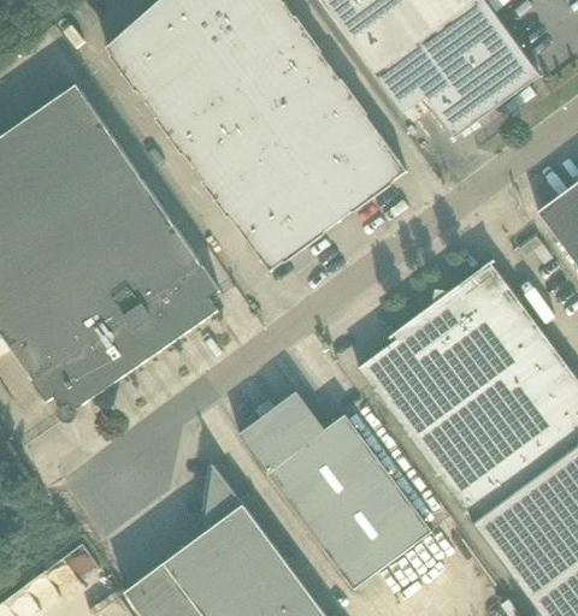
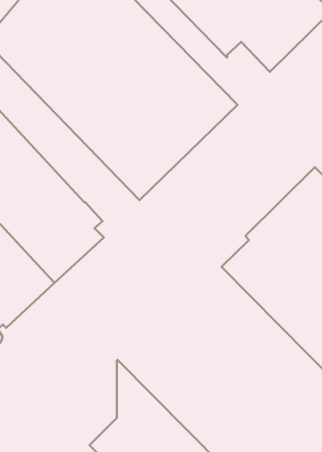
building: [240,391,432,588] -> none

